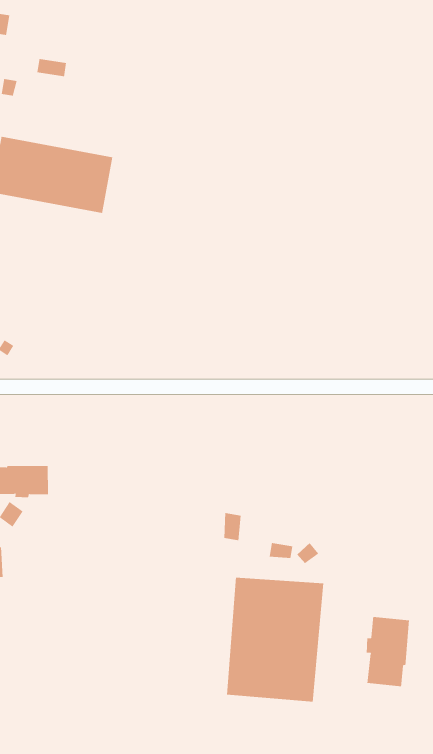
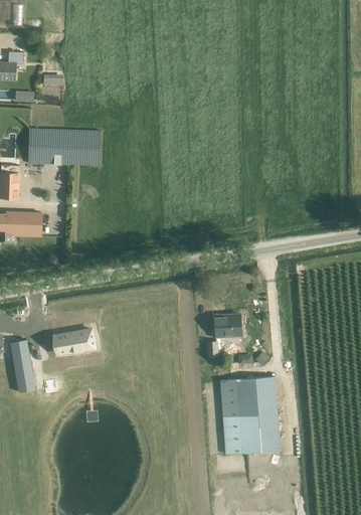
building: none -> [214,314,241,337]
building: [366,616,410,687] -> none

